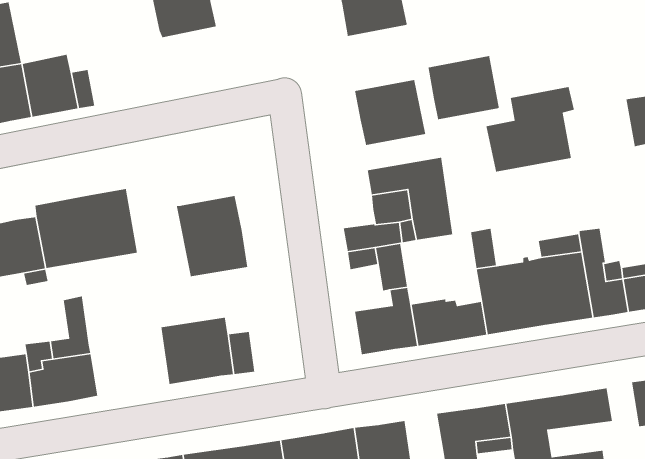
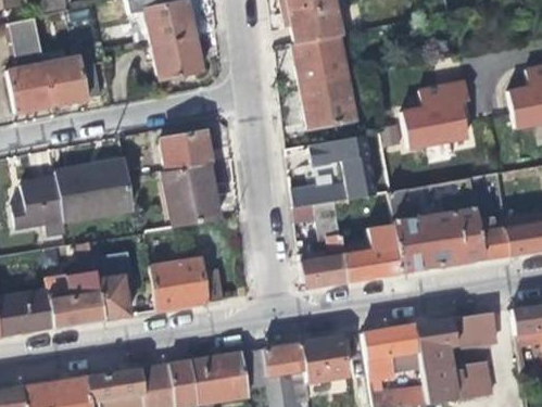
building: none -> [152,36,202,79]
building: [428,55,500,120] -> [292,35,348,85]
building: none -> [160,132,212,173]
building: none -> [97,276,129,319]

